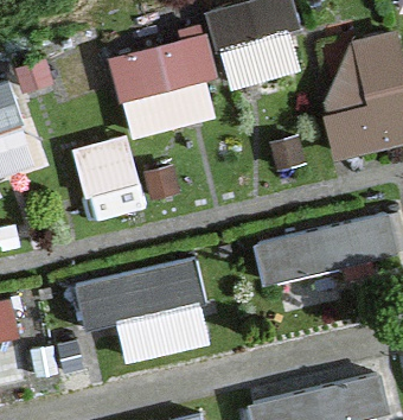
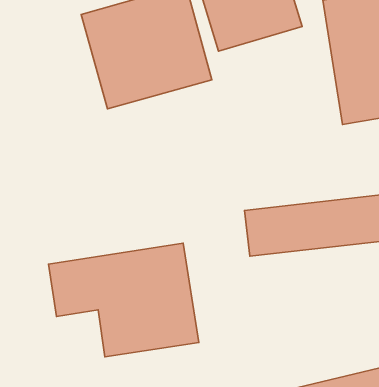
building: [69,134,148,229] -> none

